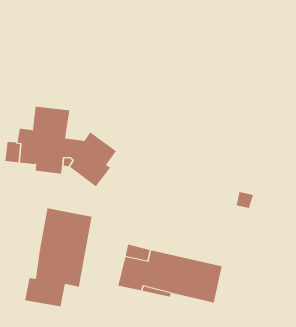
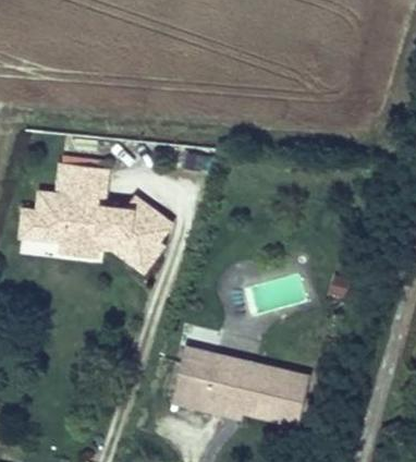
building: [24,208,92,307] -> none

